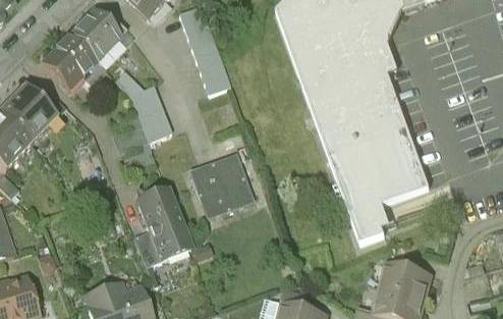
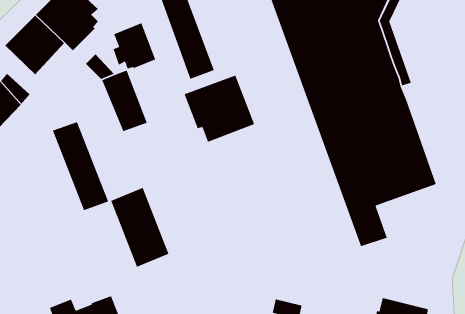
building: none -> [112,22,156,69]
building: none -> [52,121,109,211]
building: [185,154,249,215] -> [184,74,255,143]
building: [380,260,431,298] -> none

